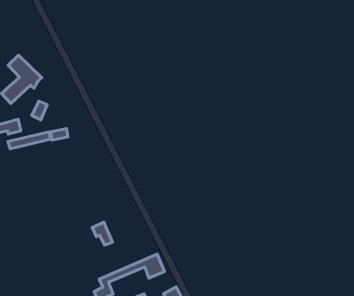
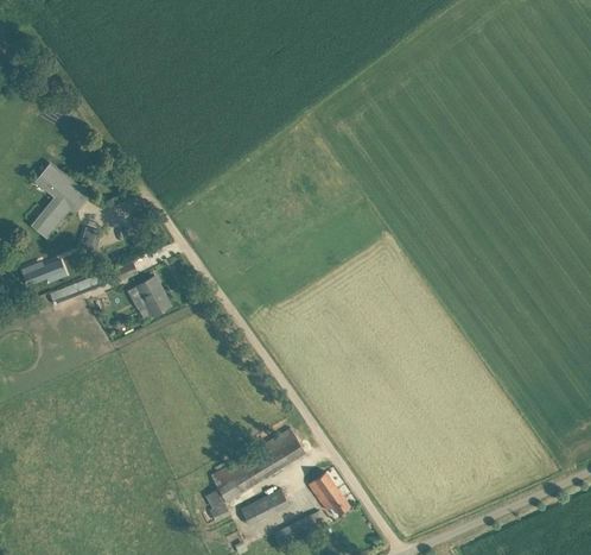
building: none -> [135,275,167,317]
building: [92,222,113,245] -> none

